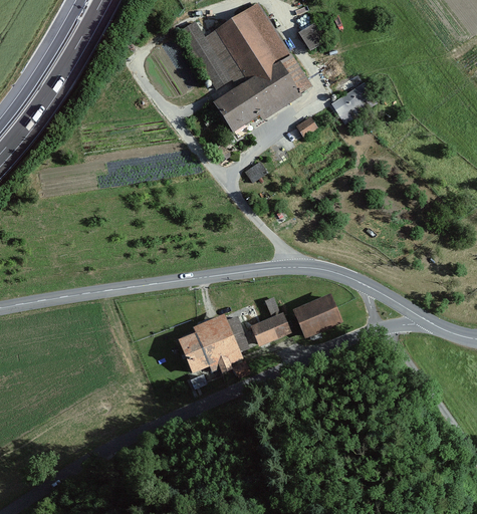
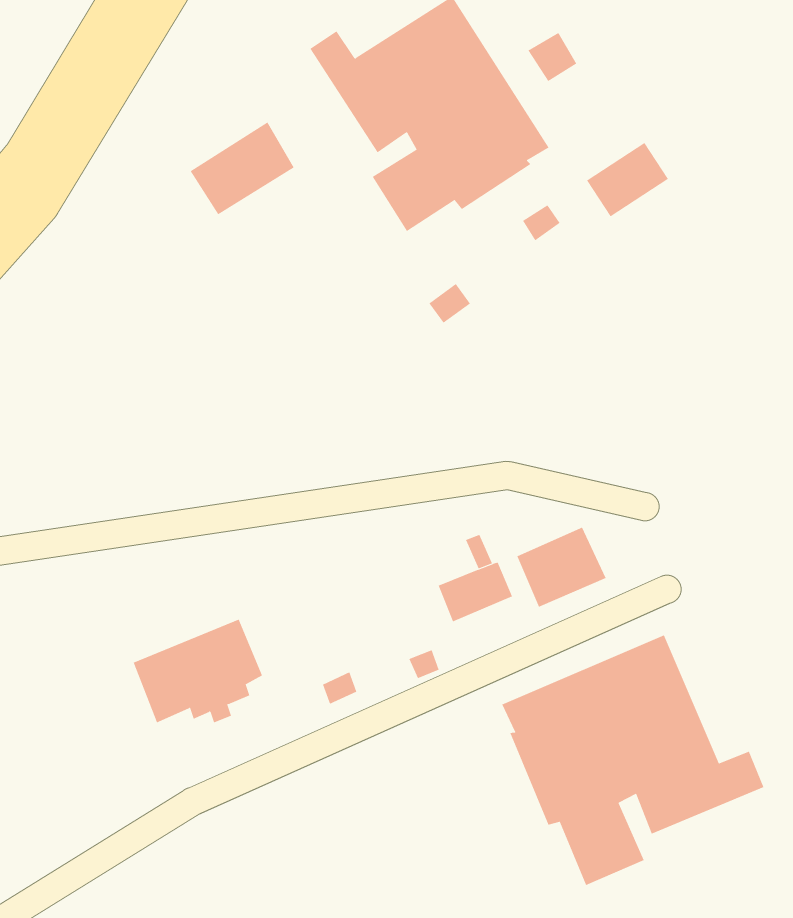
building: none -> [190,122,295,215]
building: [178,315,249,372] -> [133,619,263,723]
building: none -> [502,635,764,886]

